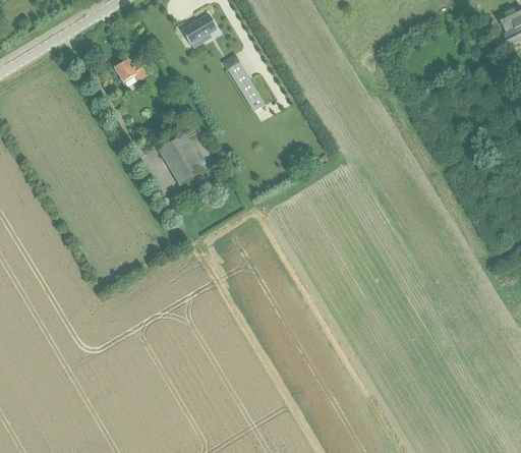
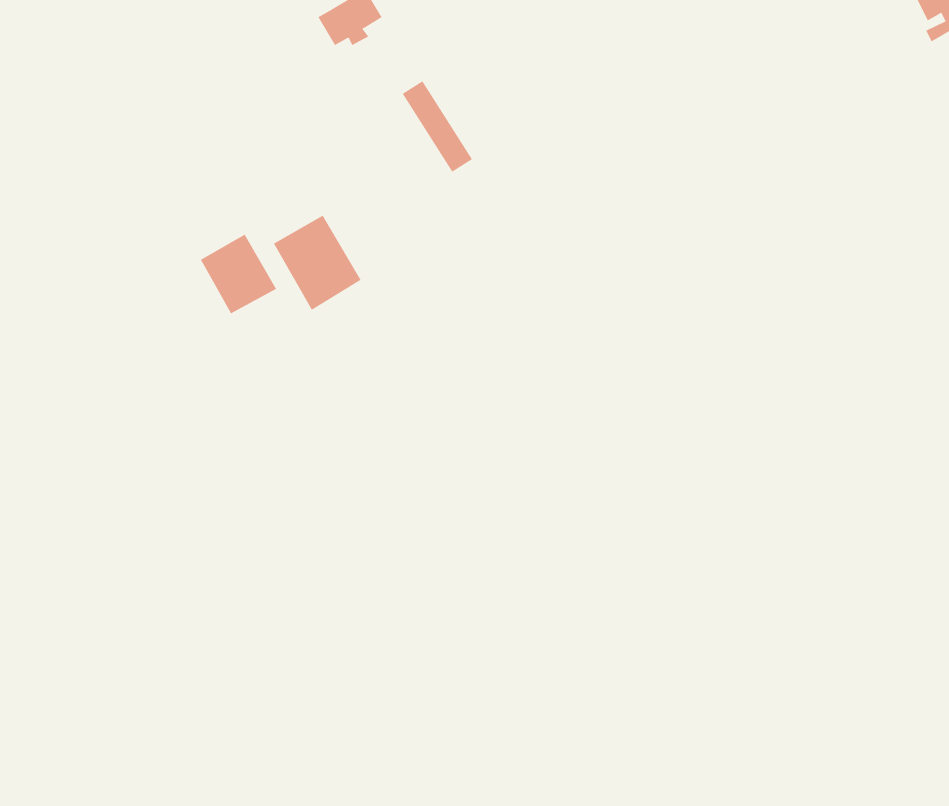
building: [114,58,147,81] -> none
building: none -> [200,234,277,314]

